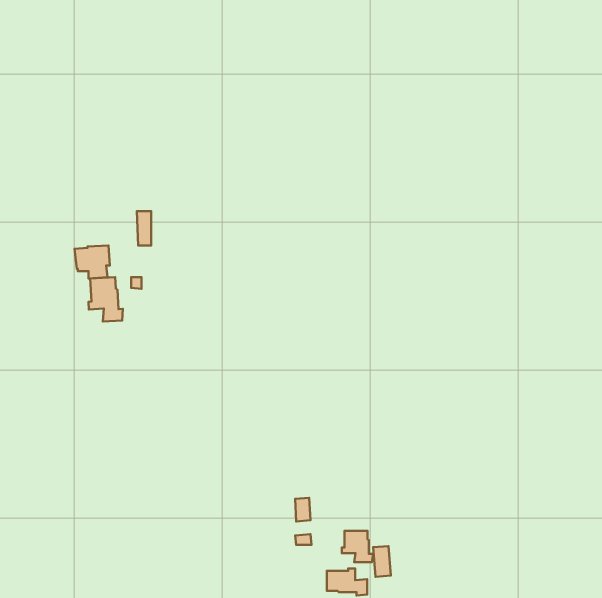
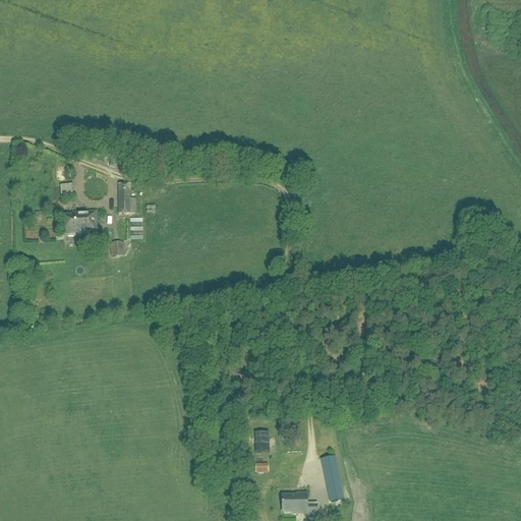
building: [88,277,123,322] -> none
building: [342,531,373,562] -> none

